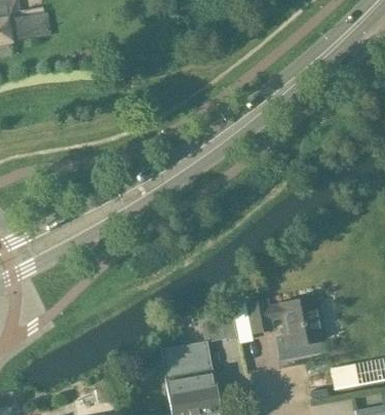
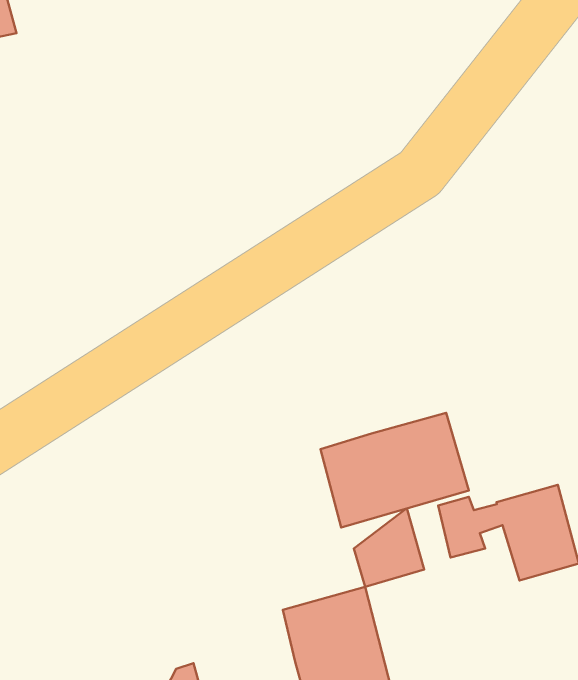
building: none -> [320,413,469,527]

